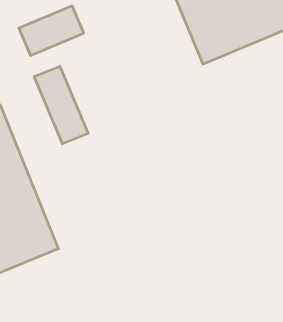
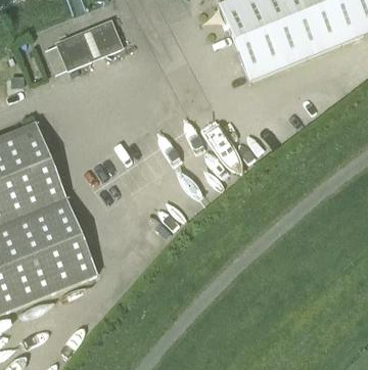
building: [34,66,88,144] -> none

